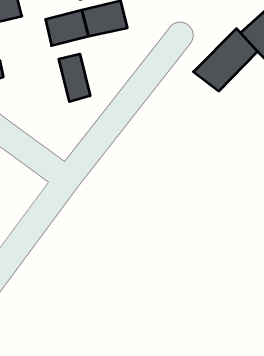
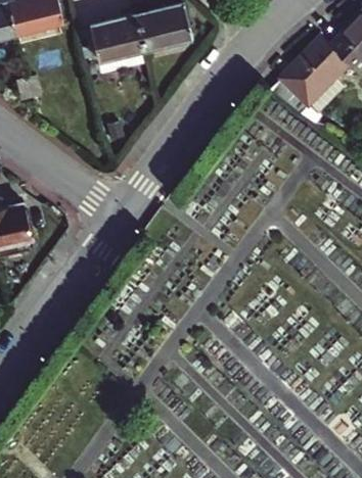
building: [59,54,90,102] -> none

